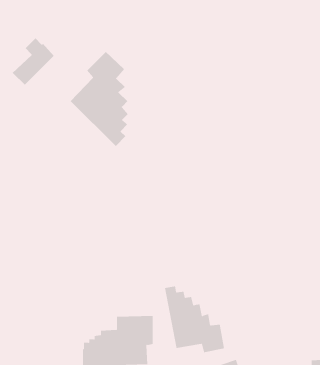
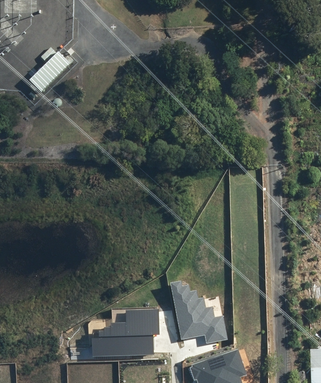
building: [70,51,128,147] -> none

